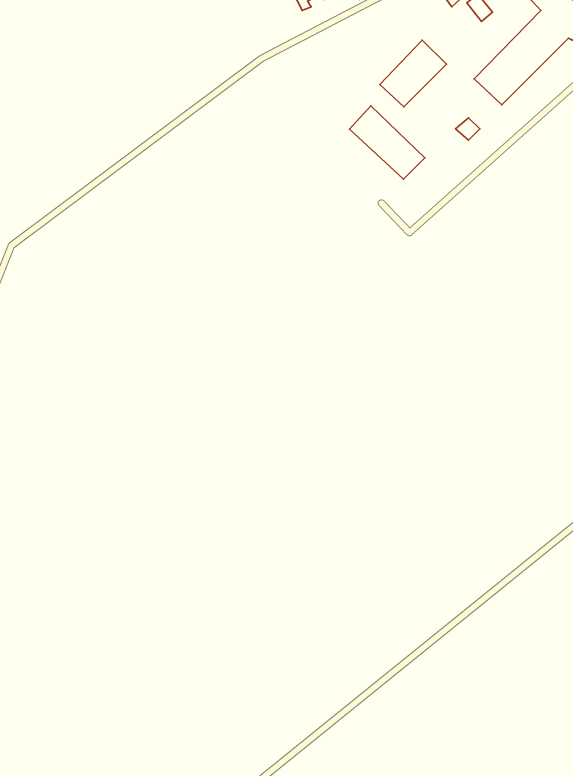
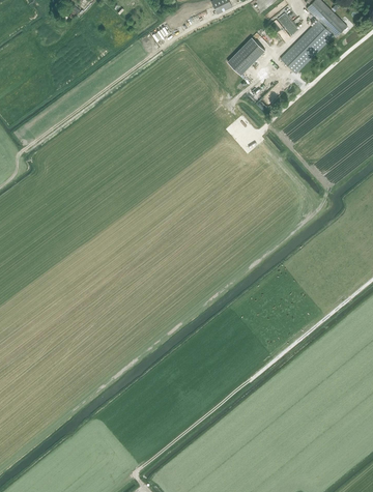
building: [350,106,425,179] -> none

